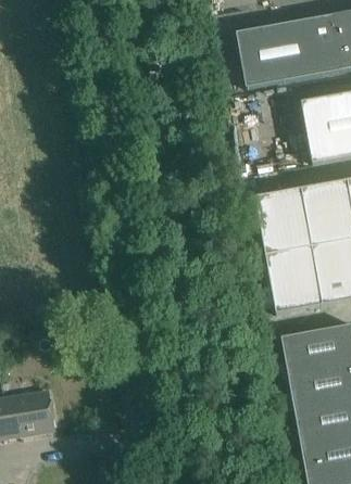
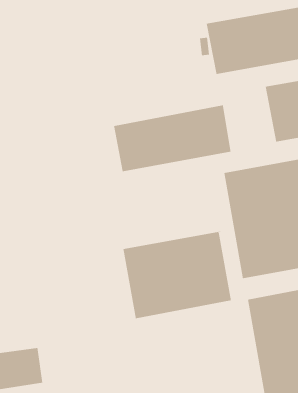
building: none -> [114,105,231,172]
building: none -> [123,231,232,319]

